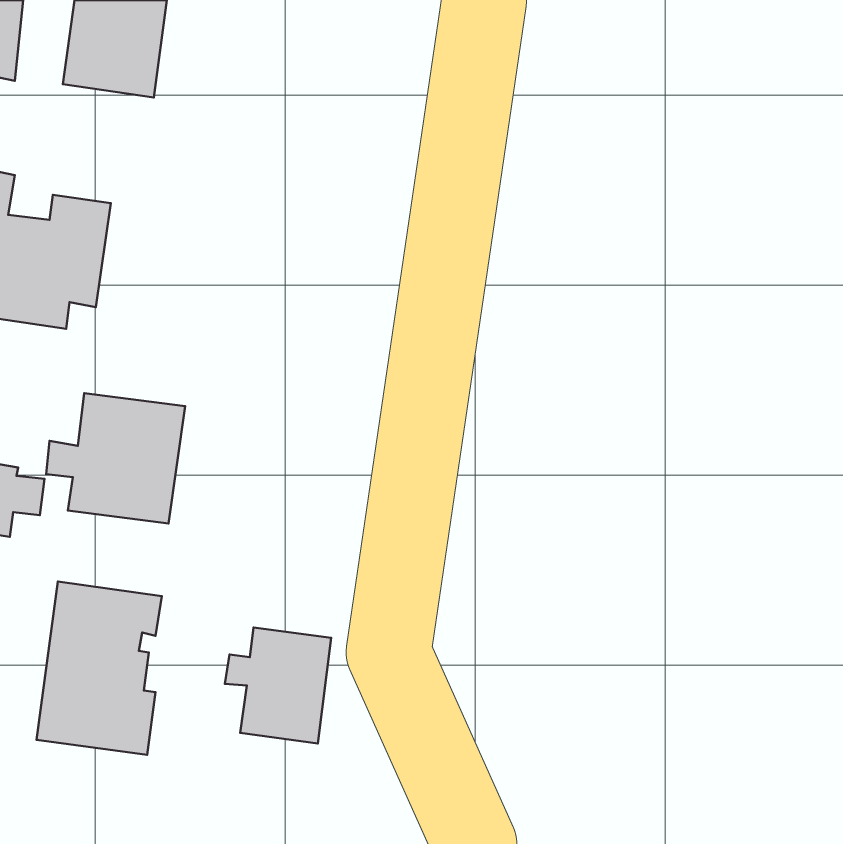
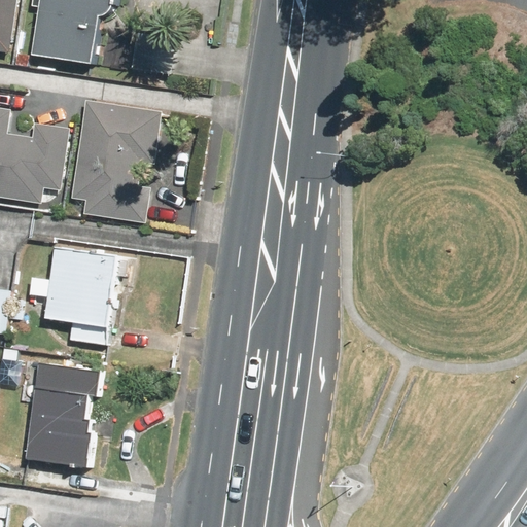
building: none -> [70,101,160,225]
building: [225,628,331,743] -> none

